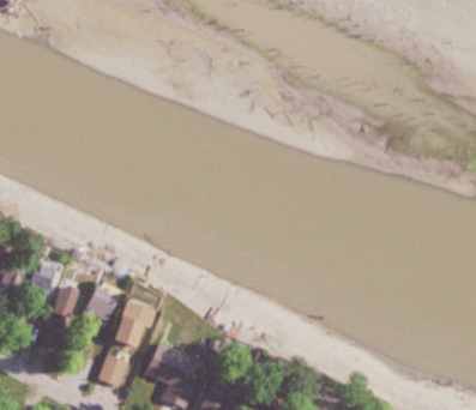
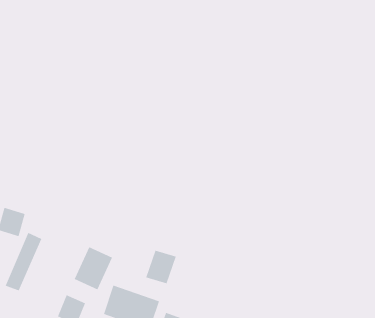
building: [85,288,121,325] -> none
building: none -> [145,250,177,284]

